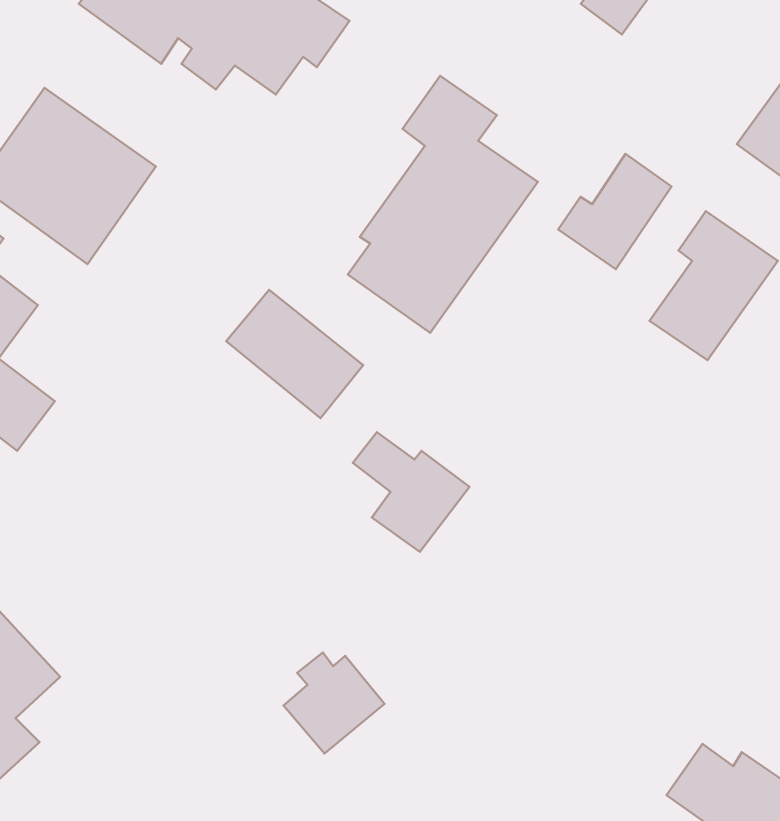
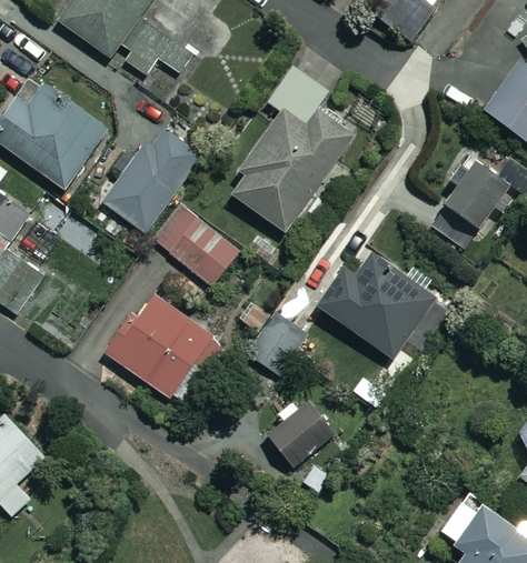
building: [558,154,672,269] -> none
building: none -> [99,123,198,235]
building: none -> [317,245,449,359]
building: none -> [107,292,215,400]
building: [283,652,385,753] -> [267,401,332,466]

